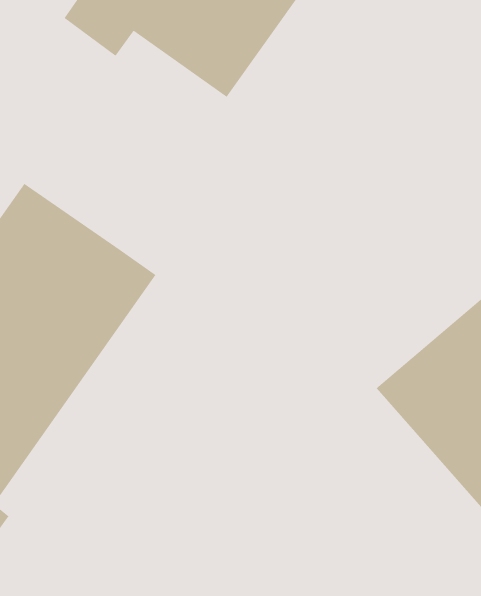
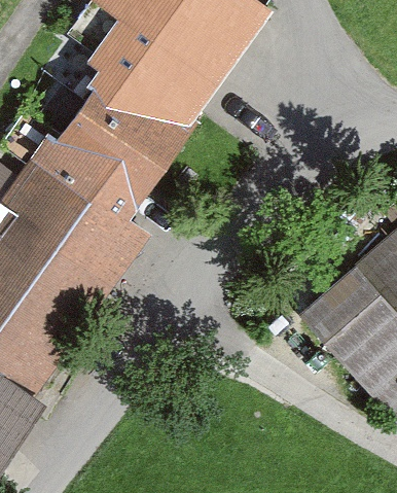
building: none -> [42,46,196,212]

